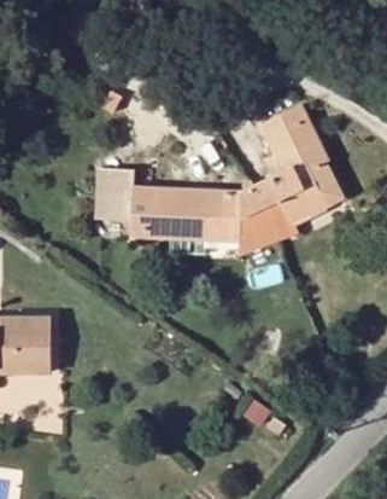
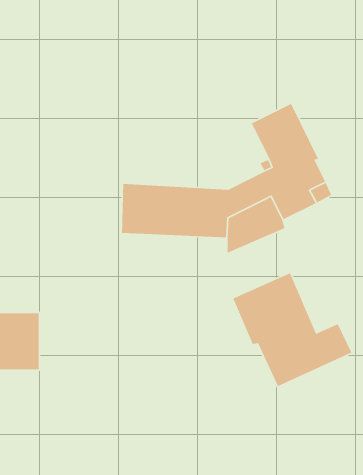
building: [95,167,134,220] -> none
building: none -> [232,272,352,387]

